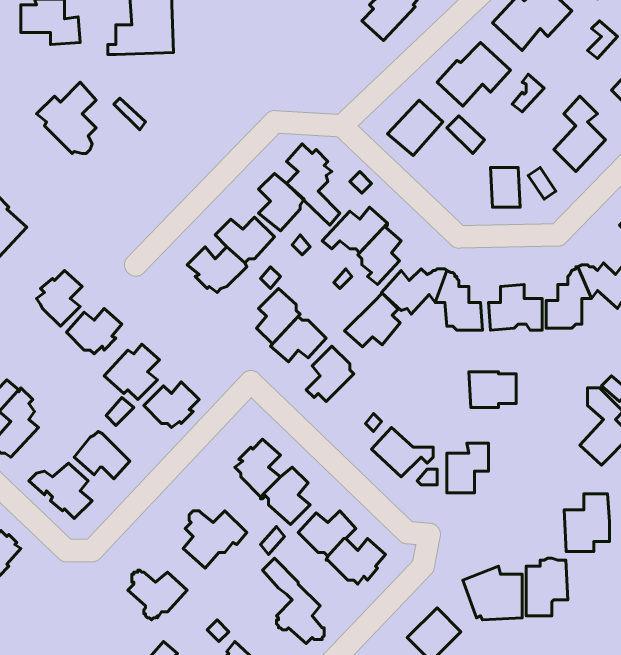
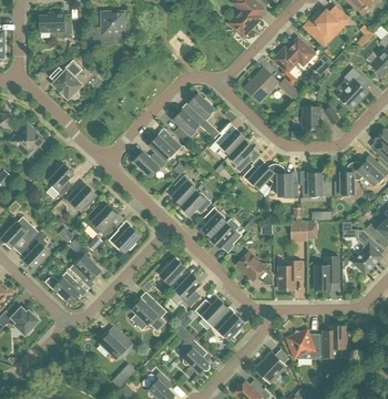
building: [345,293,400,347] -> [210,217,241,247]
building: [564,494,610,551] -> [314,256,339,288]

